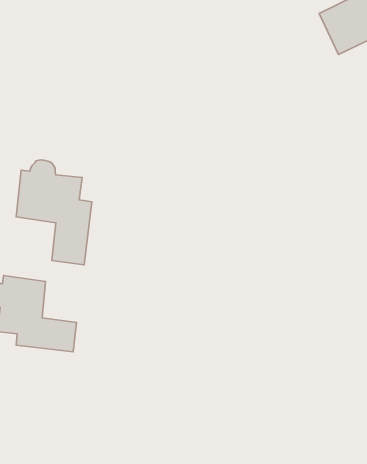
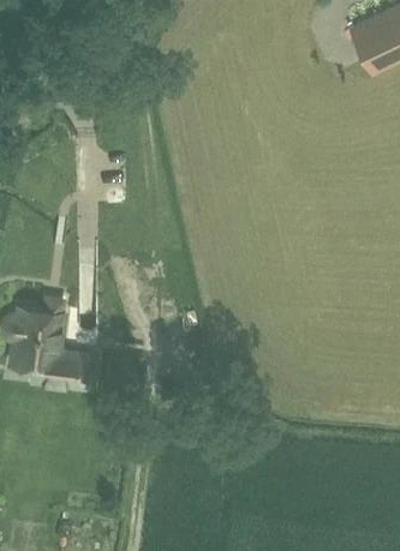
building: [16,160,92,265] -> none

